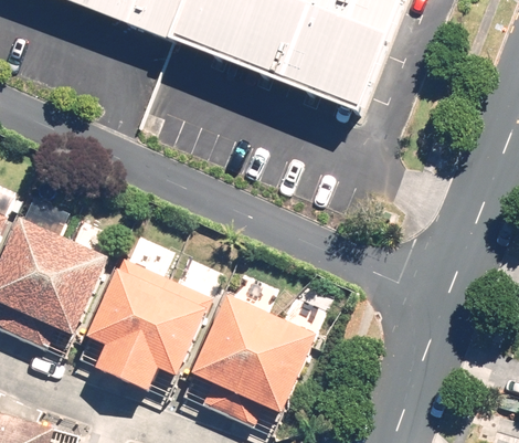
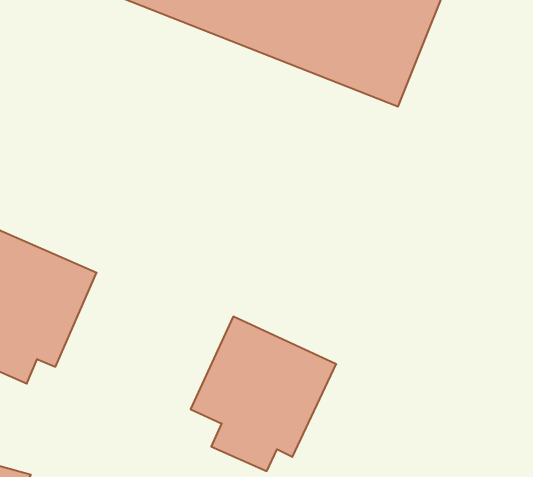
building: [81,255,206,394] -> none

